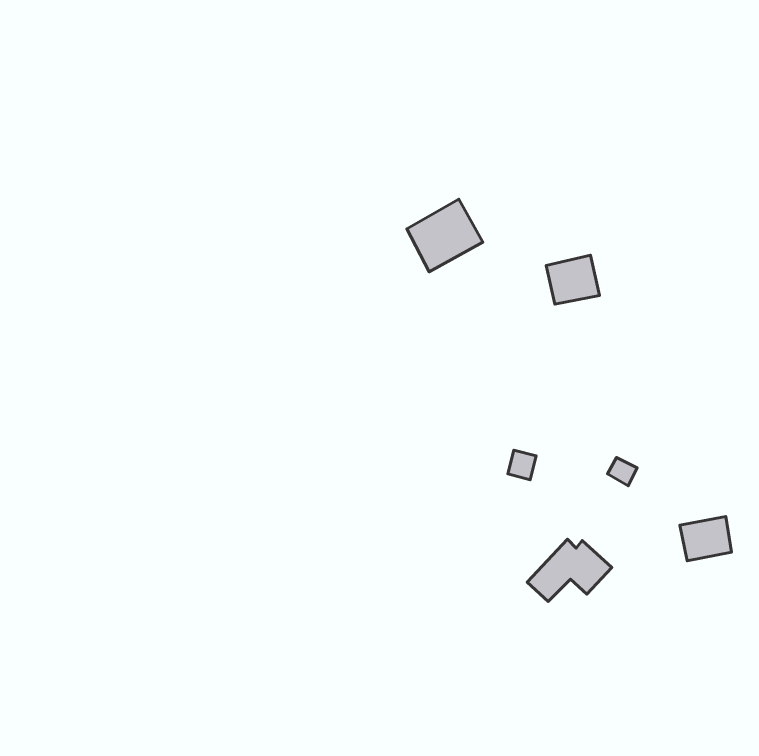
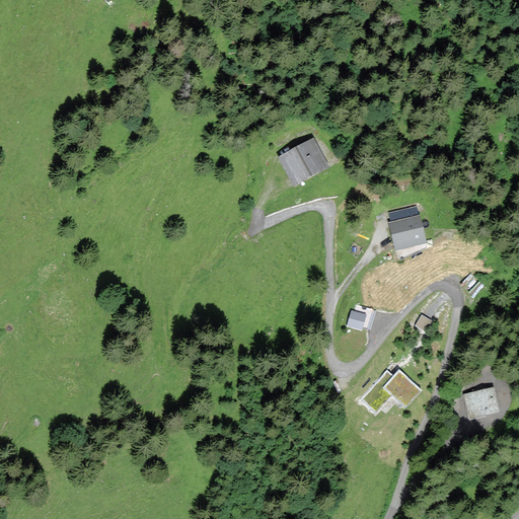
building: [546,255,600,304] -> [389,215,426,248]
building: [680,516,732,561] -> [463,387,499,418]

